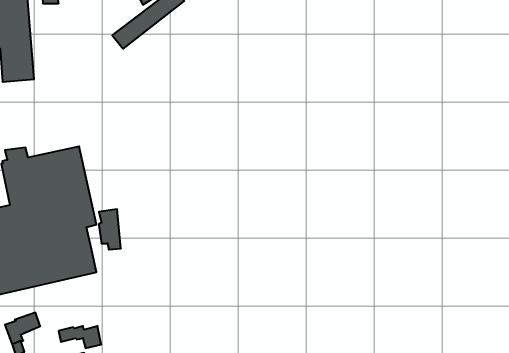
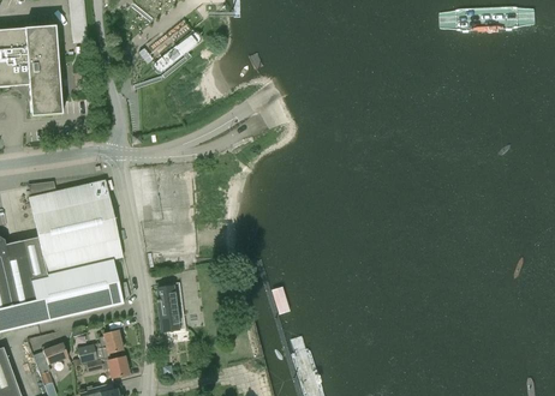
building: [99,209,121,250] -> [155,286,177,325]
building: none -> [77,331,123,362]

